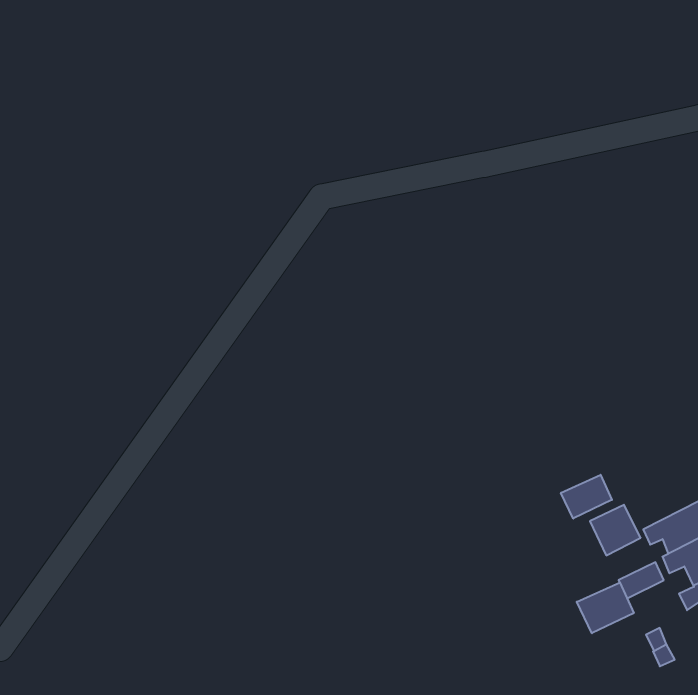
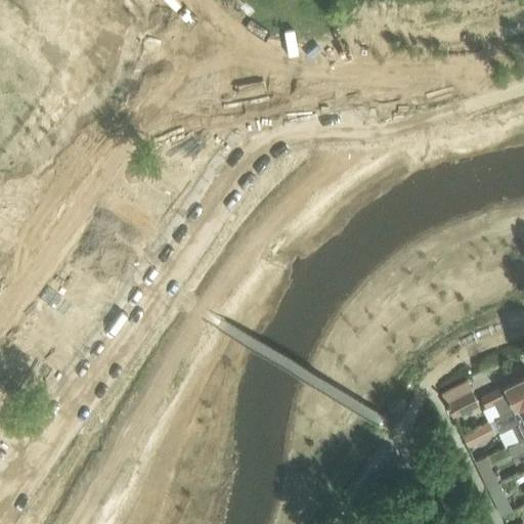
building: [561,475,612,519] -> none
building: [577,582,634,633] -> none

